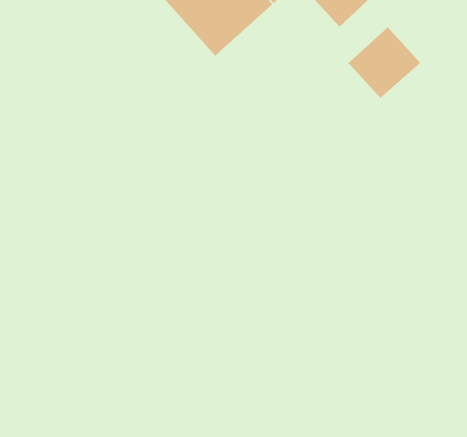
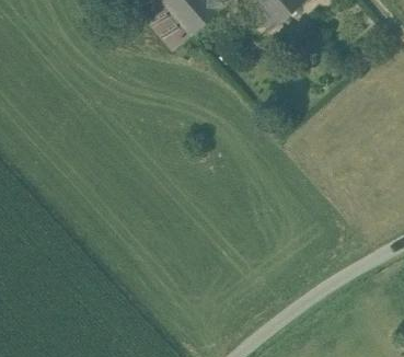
building: [347,26,421,99] -> none

